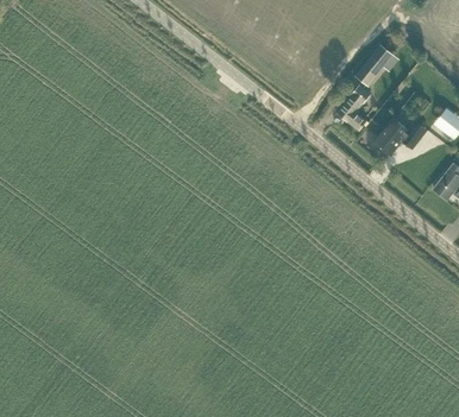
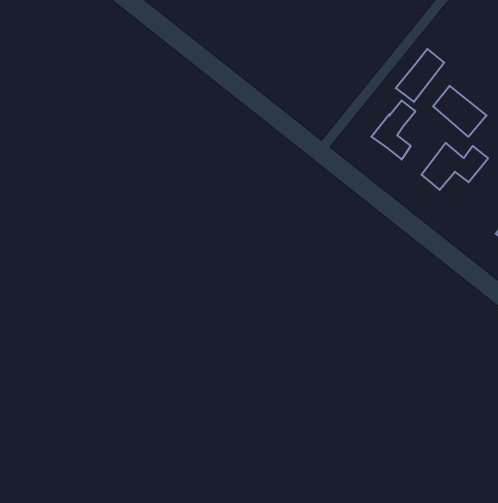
building: none -> [433,86,487,137]

